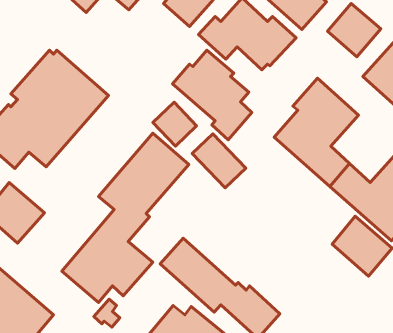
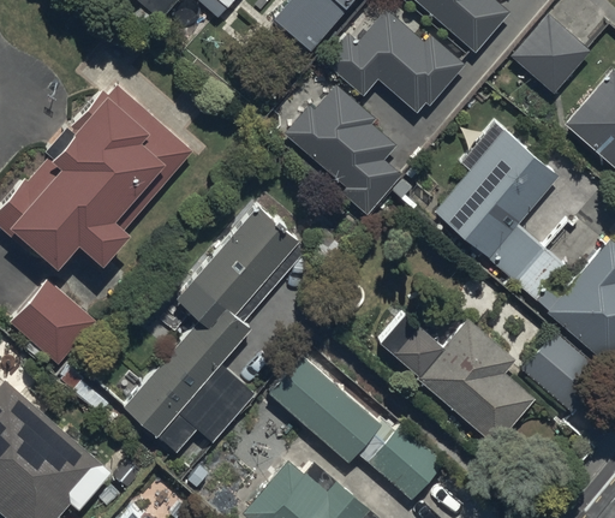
building: [153,102,197,146] -> none
building: [192,134,246,188] -> none
building: none -> [380,312,535,443]

